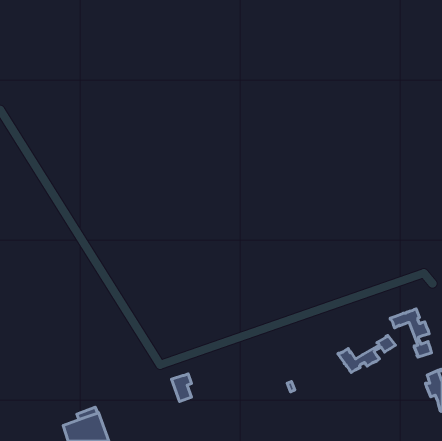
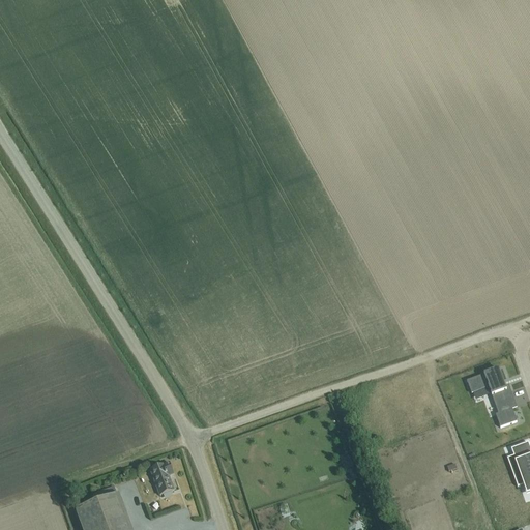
building: [338,336,396,373] -> none
building: [172,374,192,402] -> [150,463,174,496]

